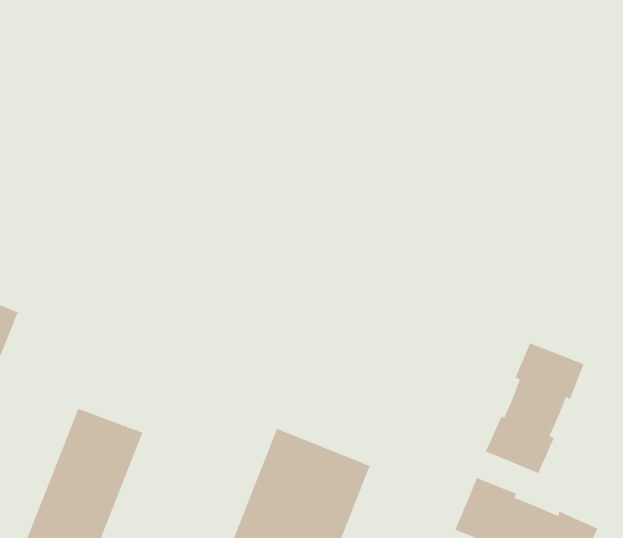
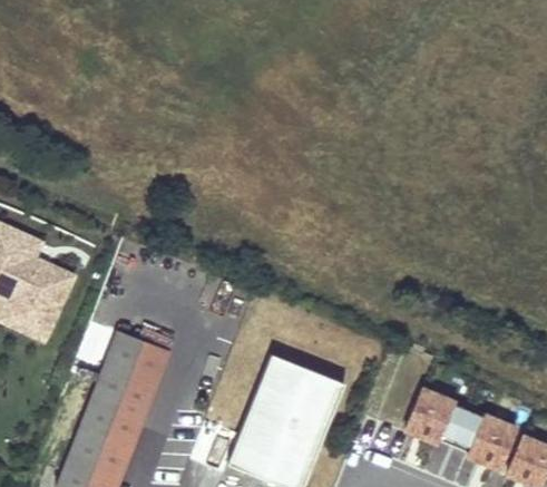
building: [485,343,584,474] -> none

